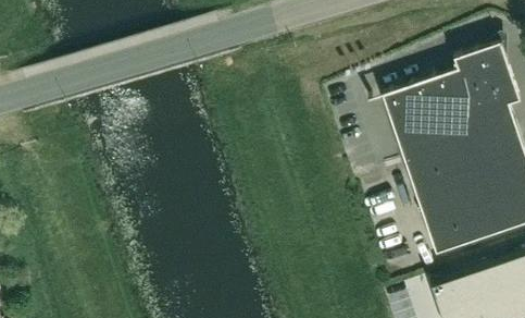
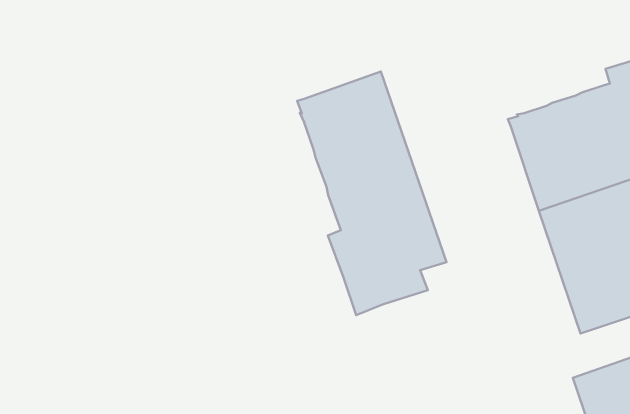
building: none -> [297,71,446,315]

